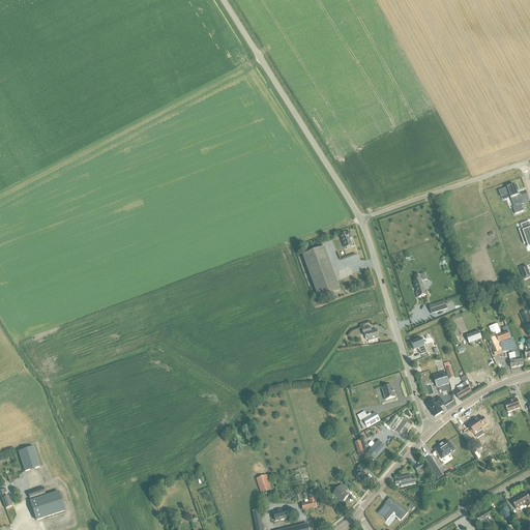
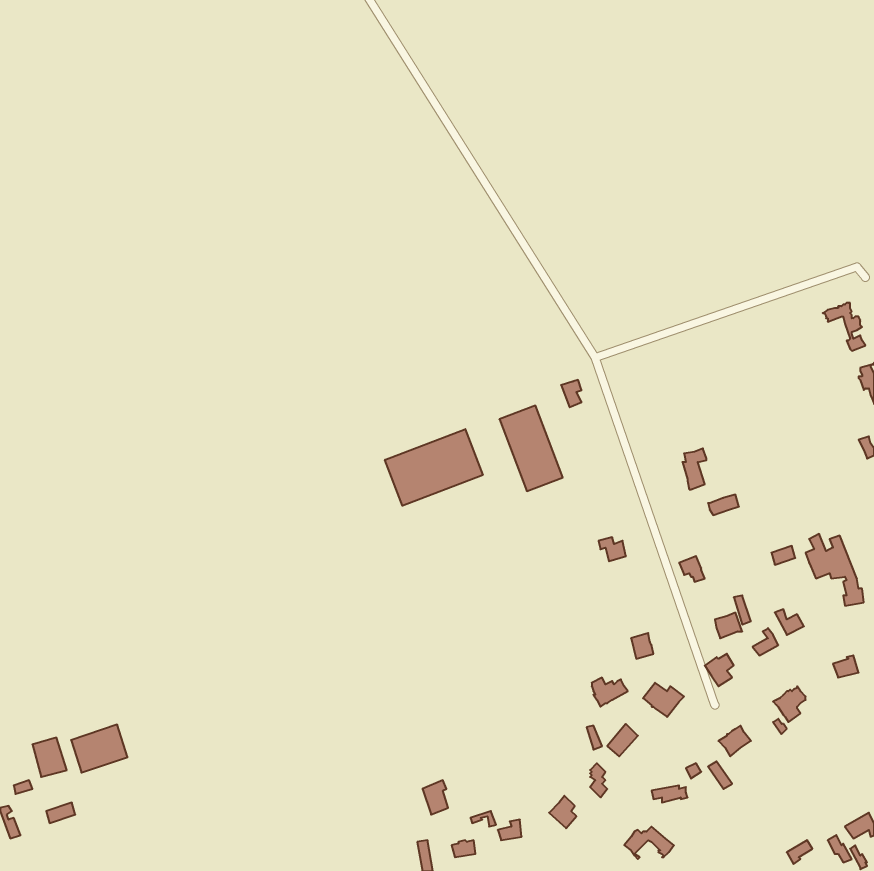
building: none -> [385,429,483,506]
building: [30,491,64,520] -> [71,725,128,773]

